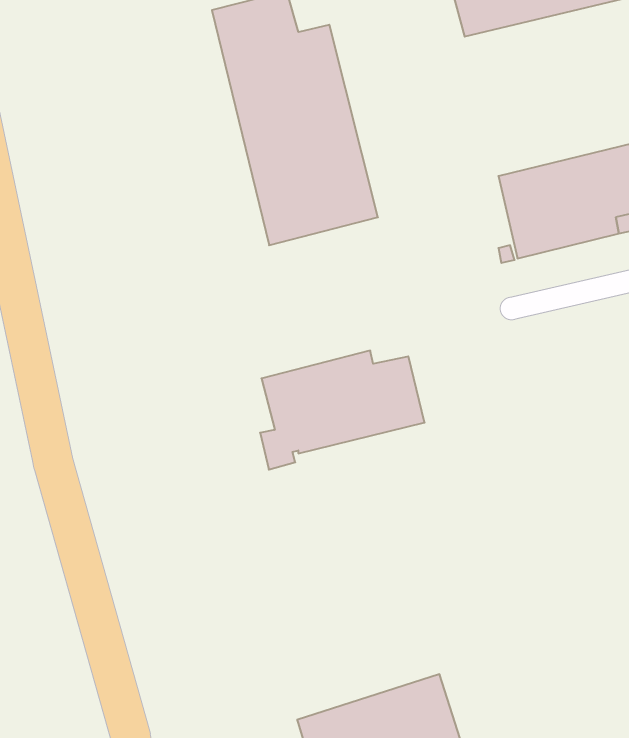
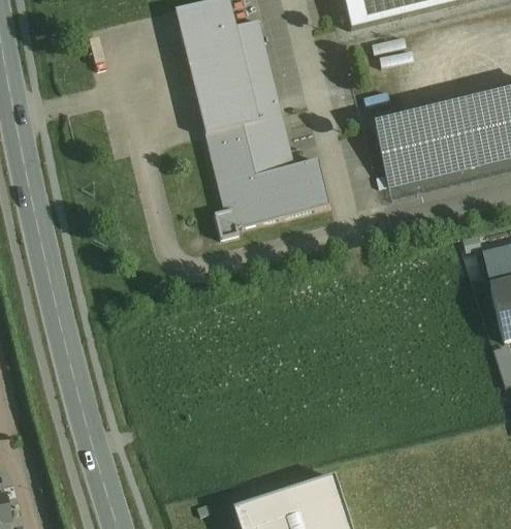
building: [260,351,425,470] -> [214,153,329,237]

